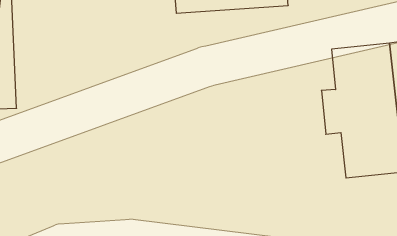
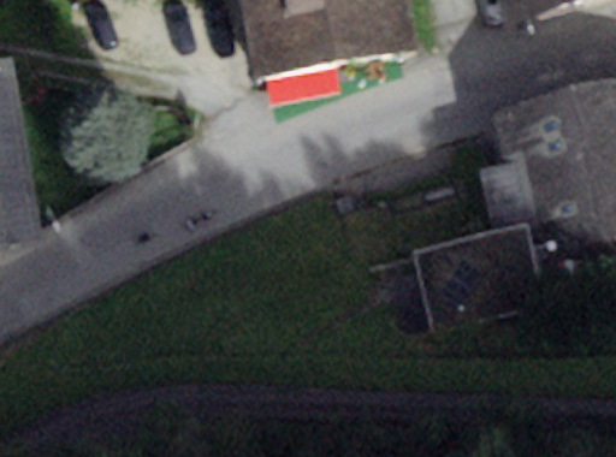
building: none -> [416,218,535,322]

